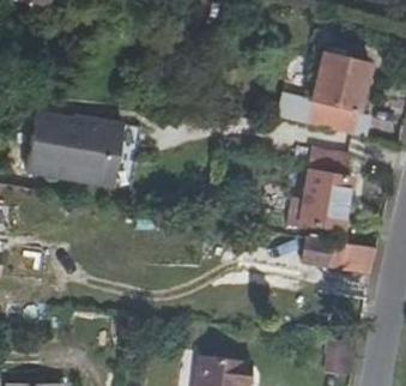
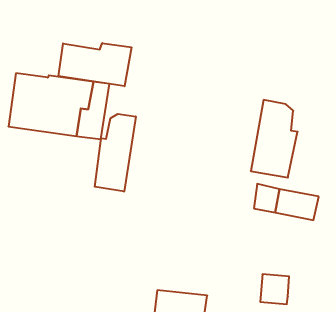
building: [290,53,364,137] -> none
building: none -> [58,43,131,86]
building: none -> [95,114,136,192]

